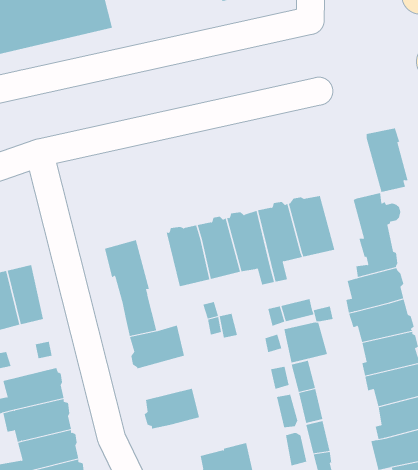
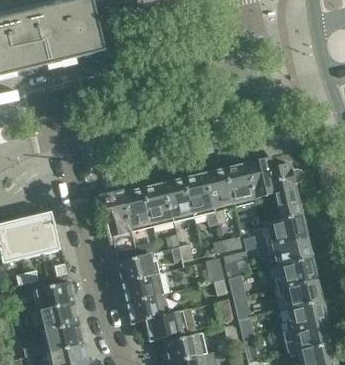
building: [366,128,409,193] -> [248,158,277,202]
building: none -> [123,189,152,232]
building: none -> [123,274,161,304]
building: none -> [147,311,193,341]

